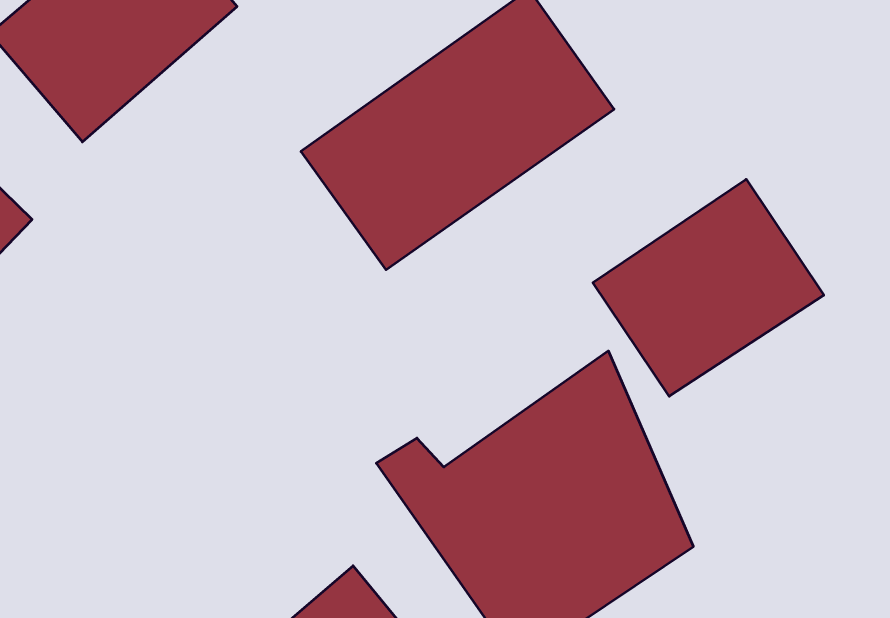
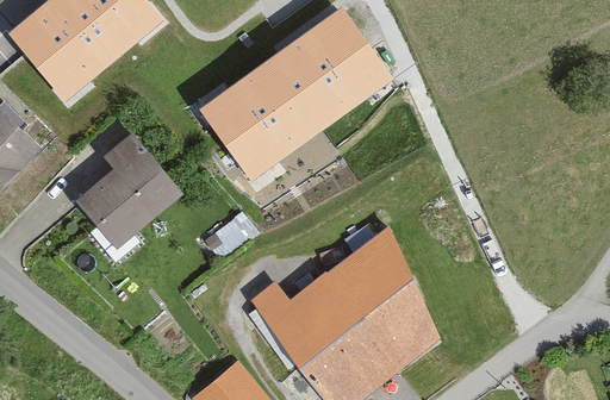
building: [593,179,824,396] -> none
building: none -> [77,129,182,245]

